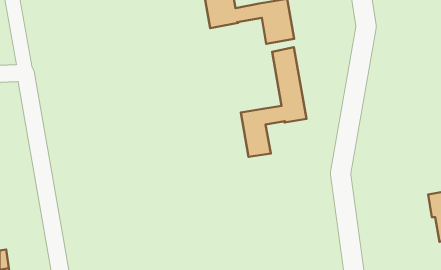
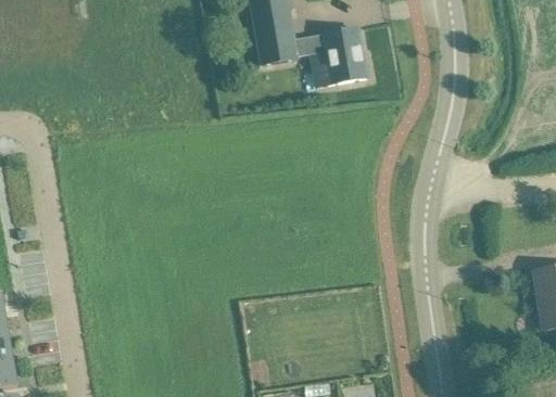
building: [241,47,307,157] -> none

